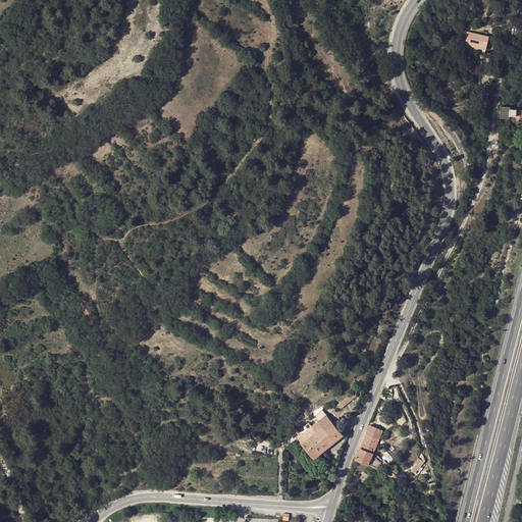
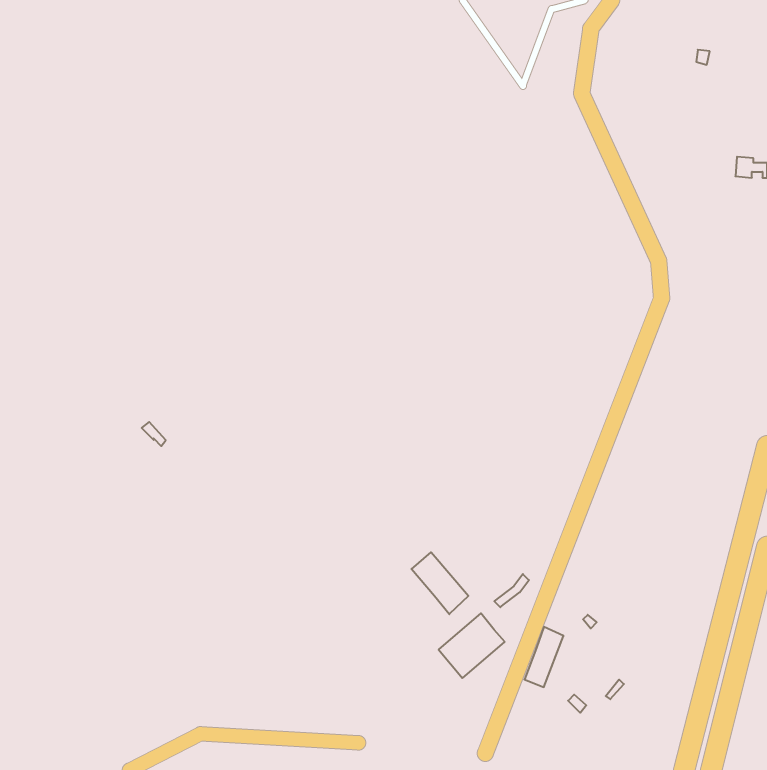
building: none -> [411,552,468,614]

